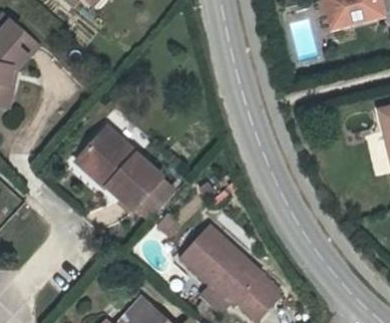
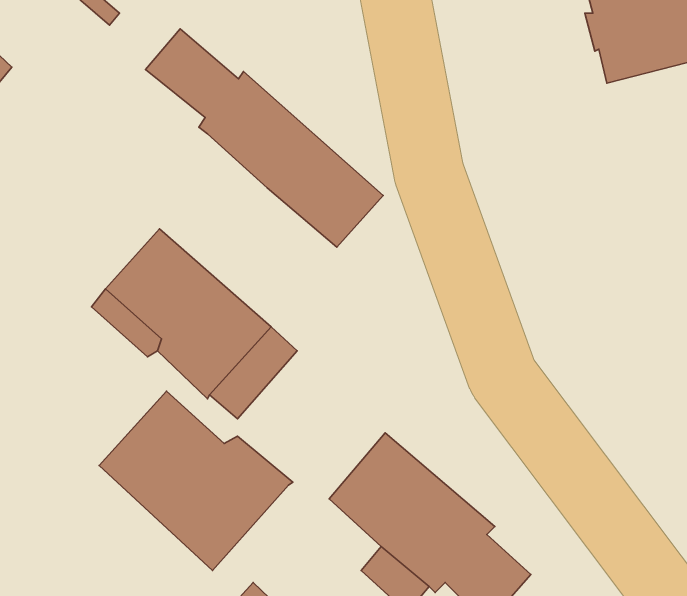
building: none -> [146,29,383,247]
building: none -> [99,391,293,571]

